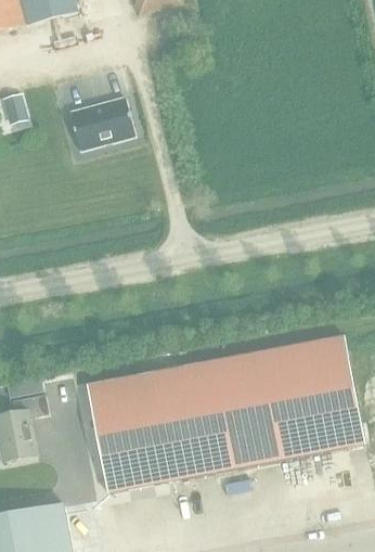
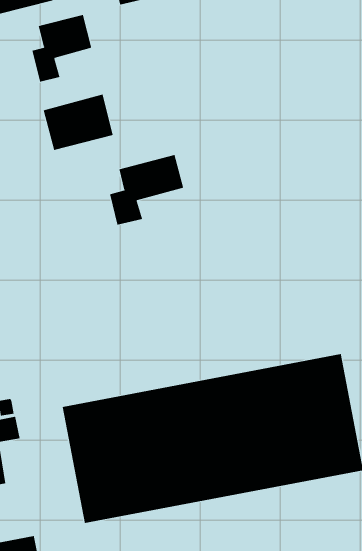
building: none -> [32,14,92,82]
building: none -> [109,154,184,226]

